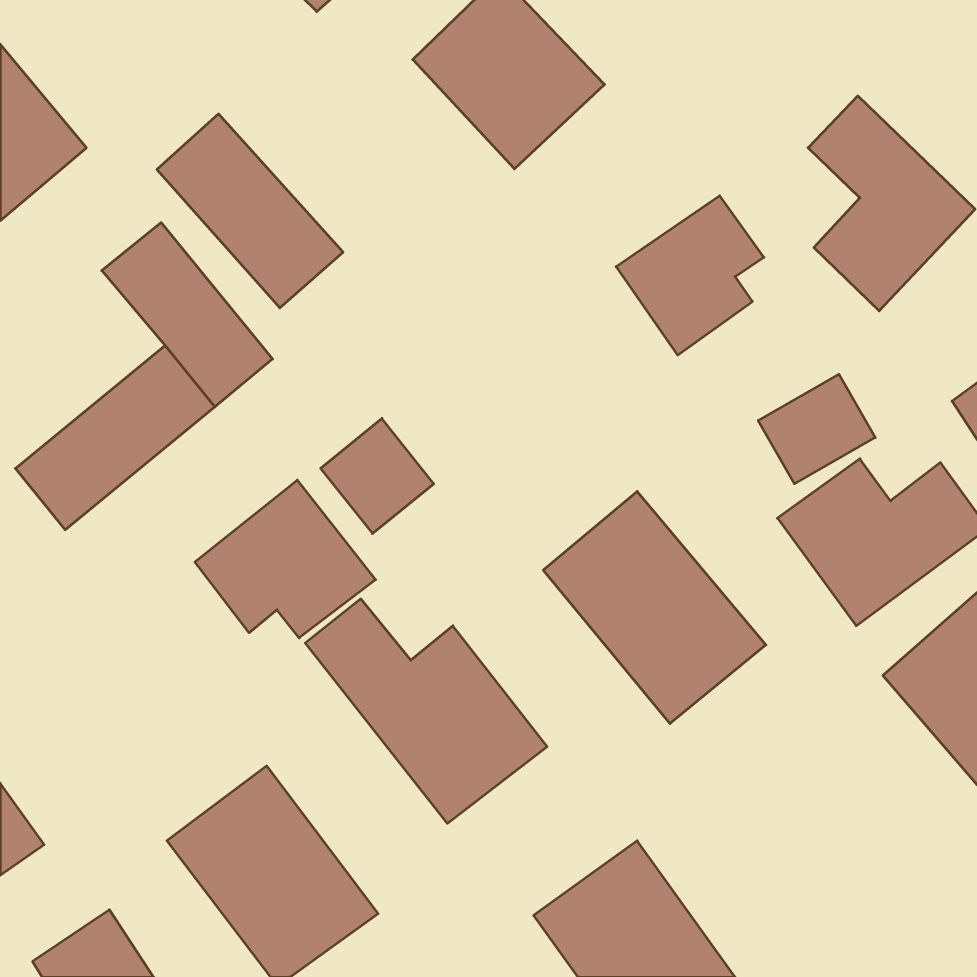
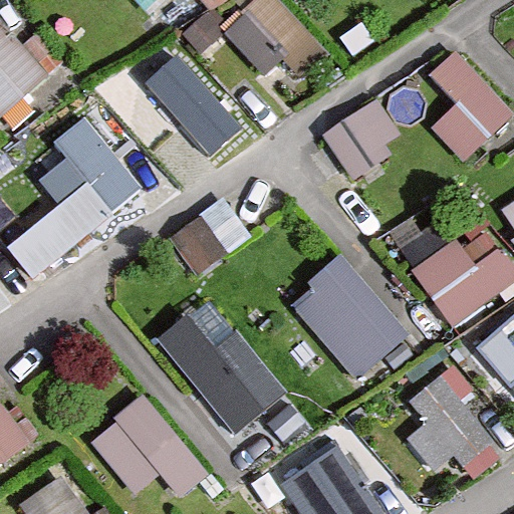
building: [157,114,343,308] -> [148,54,245,156]
building: [195,480,376,638] -> none
building: none -> [414,359,504,473]

